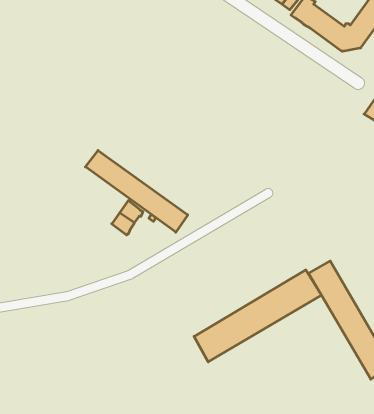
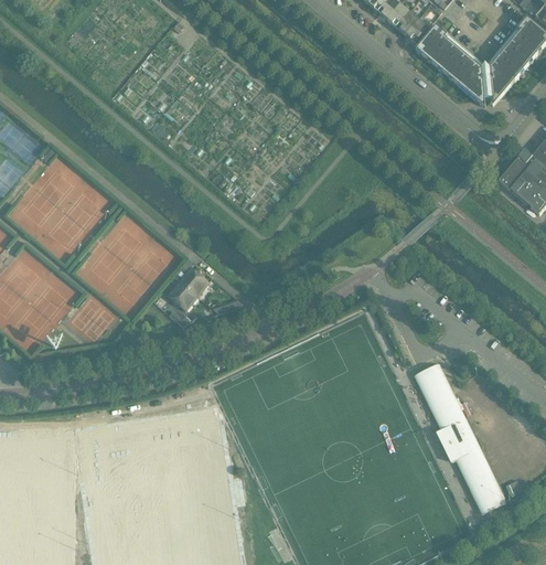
building: [85,150,188,232] -> none
building: [194,270,321,362] -> none

